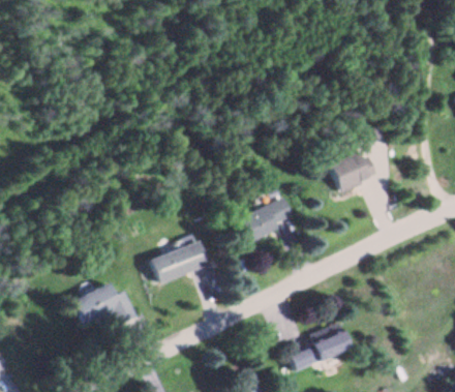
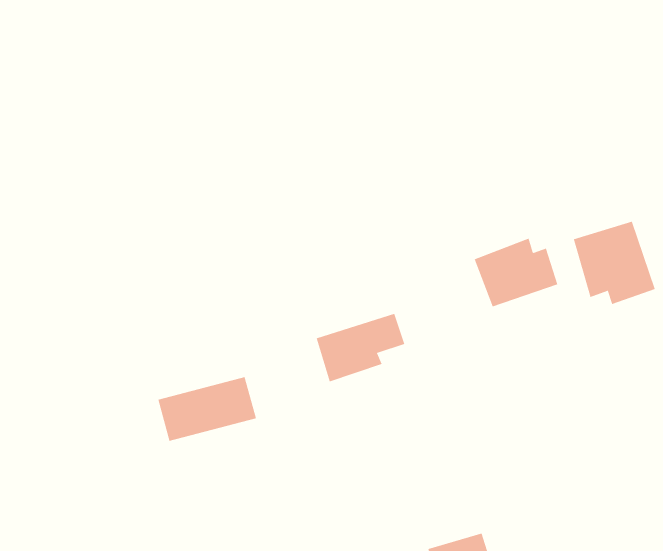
building: none -> [573,221,655,305]
building: [72,284,135,326] -> none

